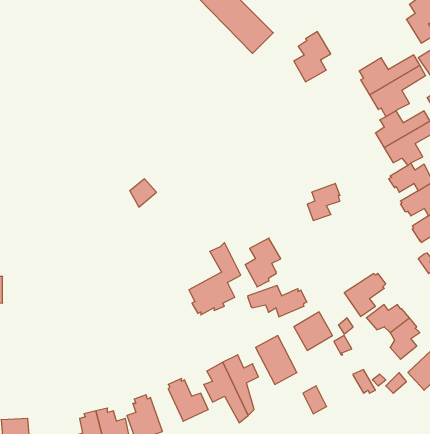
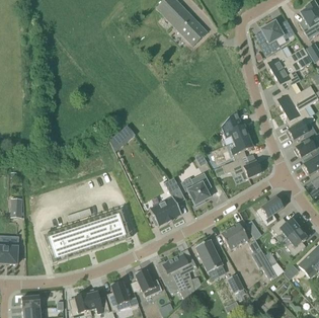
building: [294,32,331,82] -> [258,19,284,54]
building: none -> [222,109,250,141]
building: [248,286,307,317] -> [223,158,263,179]
building: none -> [49,214,126,258]

